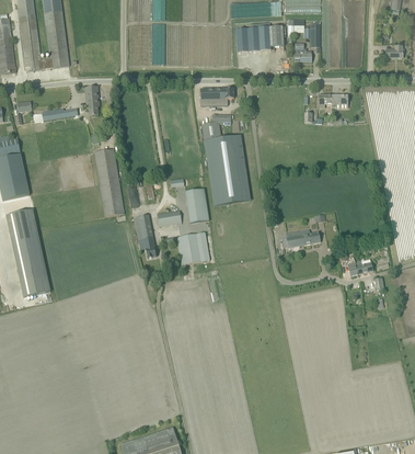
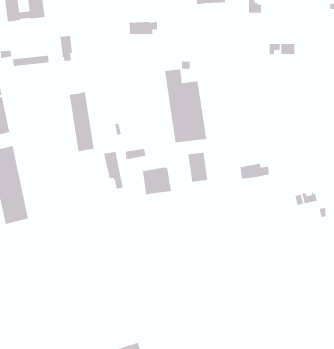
building: [200,88,233,103] -> [129,21,158,35]
building: [186,189,209,223] -> [187,152,208,182]

